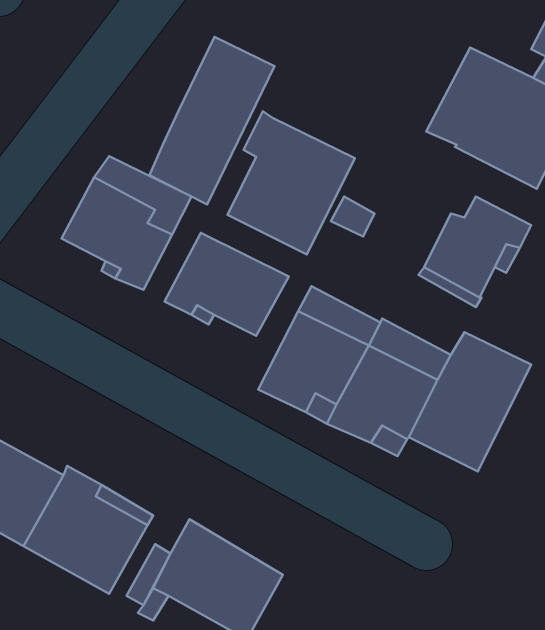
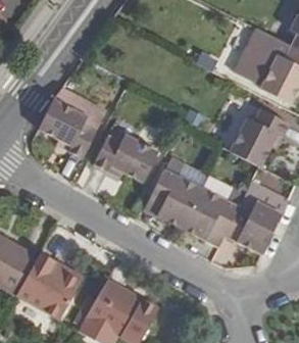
building: [150,37,274,204] -> none
building: [227,111,355,254] -> none

